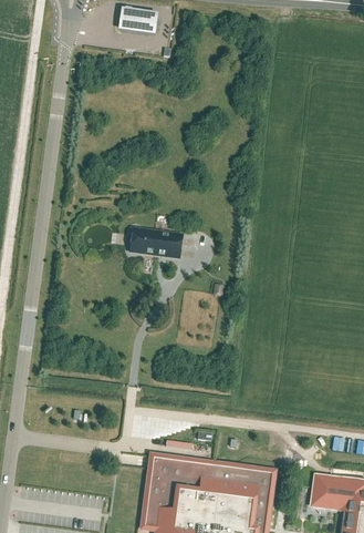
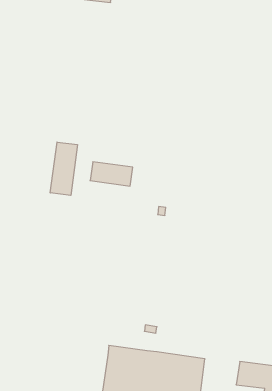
building: none -> [50,142,77,195]

